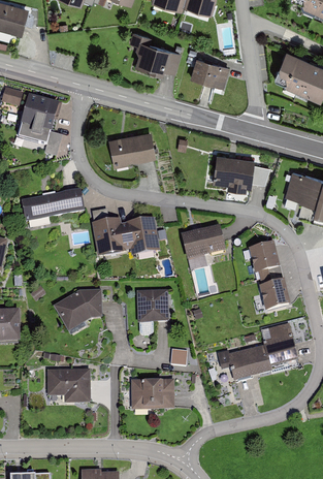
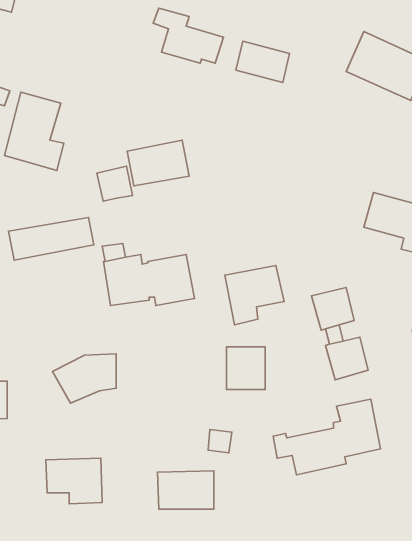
building: none -> [97,166,132,201]
building: [214,152,254,189] -> none
building: [138,291,167,323] -> [227,347,265,389]

